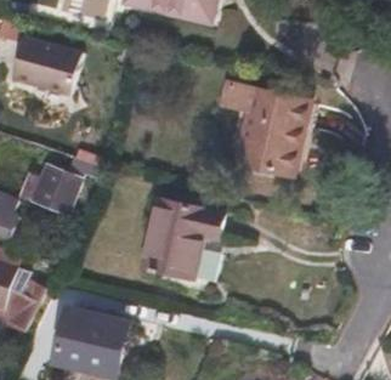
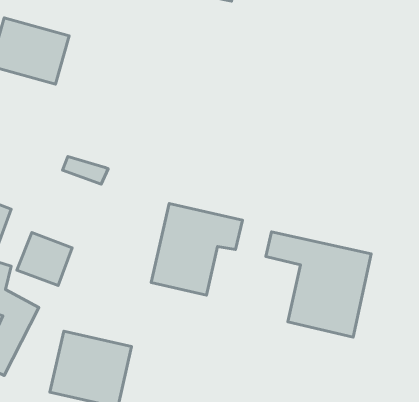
building: [217,84,310,176] -> [266,232,371,337]
building: [32,166,80,212] -> [17,233,72,285]

